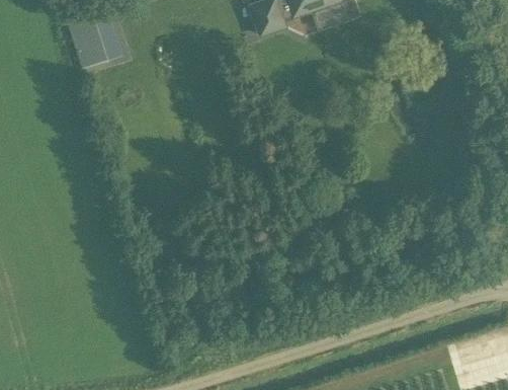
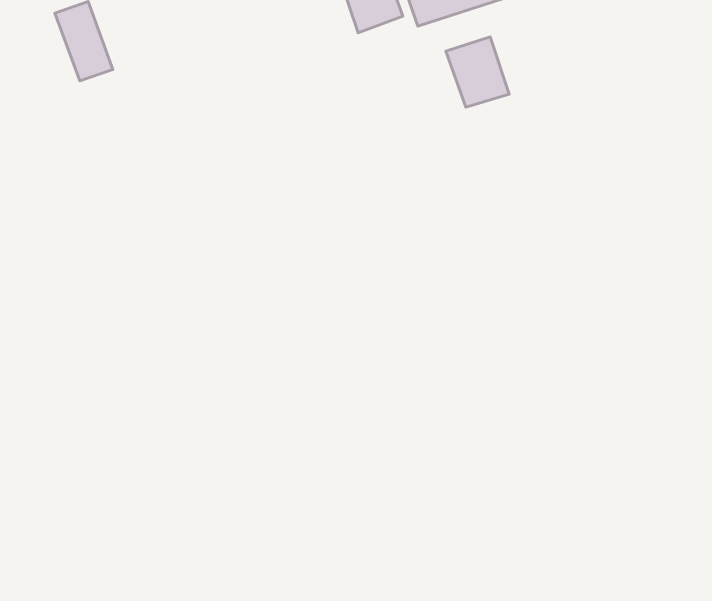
building: none -> [446,37,509,107]

